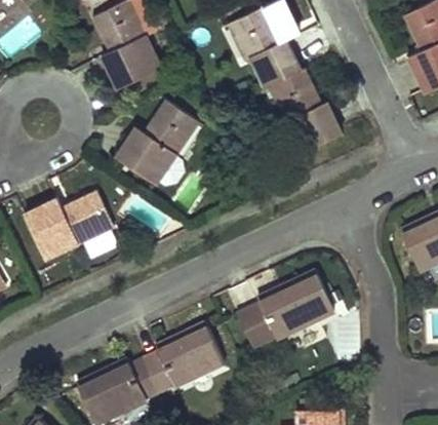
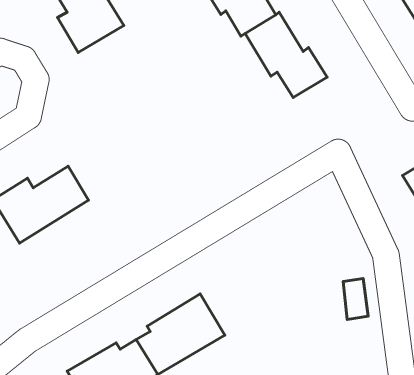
building: [117,100,201,188] -> none
building: [236,272,334,347] -> none

